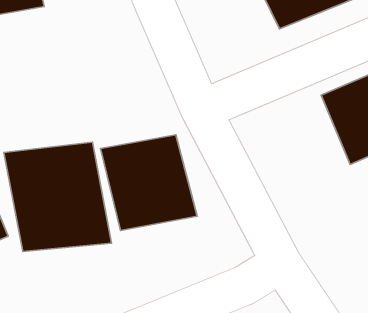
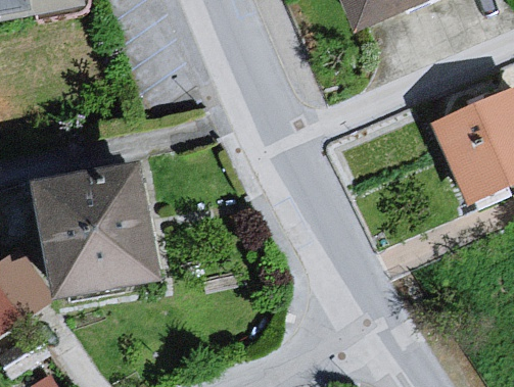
building: [101,135,197,231] -> none

